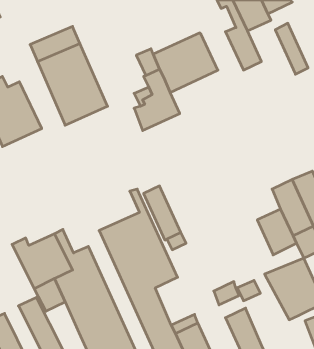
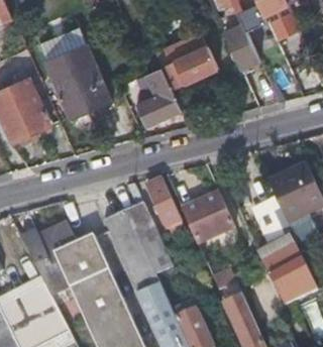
building: none -> [181,189,234,241]

